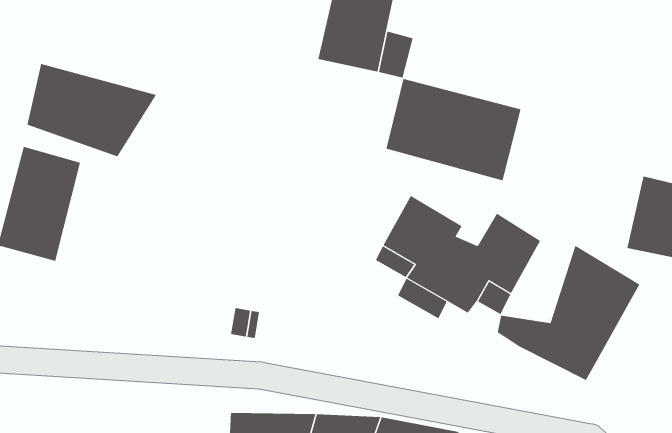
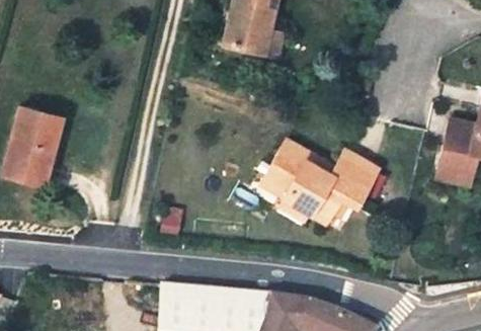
building: [27,63,157,157] -> none
building: [386,78,521,181] -> none
building: [497,245,640,381] -> none

